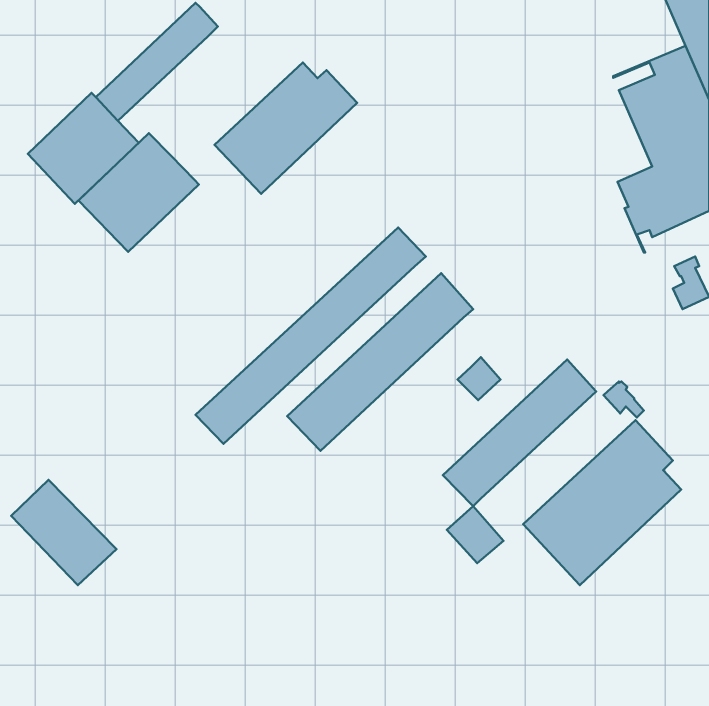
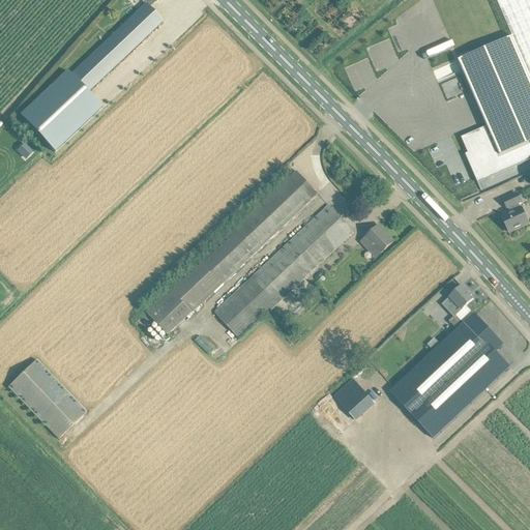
building: [215,63,357,194] -> none
building: [78,133,199,252] -> none
building: [457,357,500,400] -> [361,224,393,256]
building: [443,360,596,506] -> none

